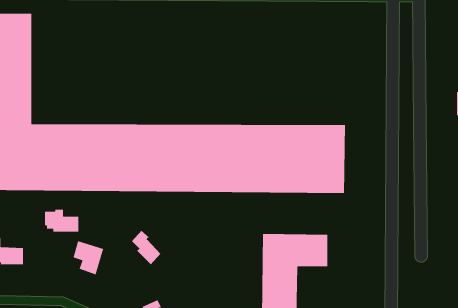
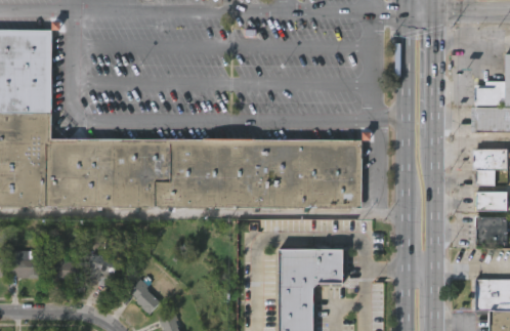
building: [44,209,79,232] -> [48,256,83,280]
building: [131,230,161,265] -> [129,280,159,315]

